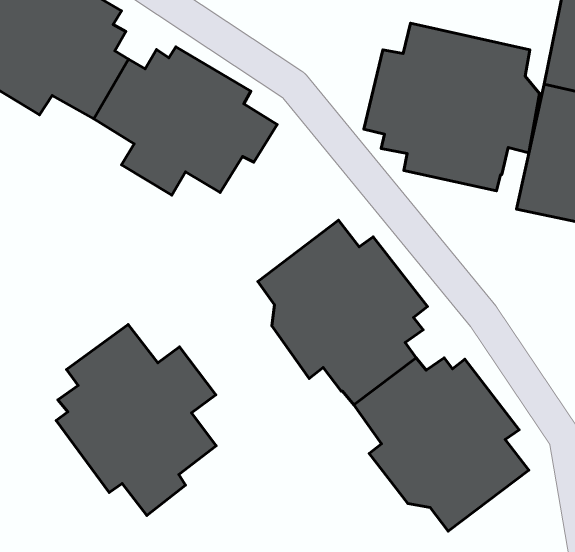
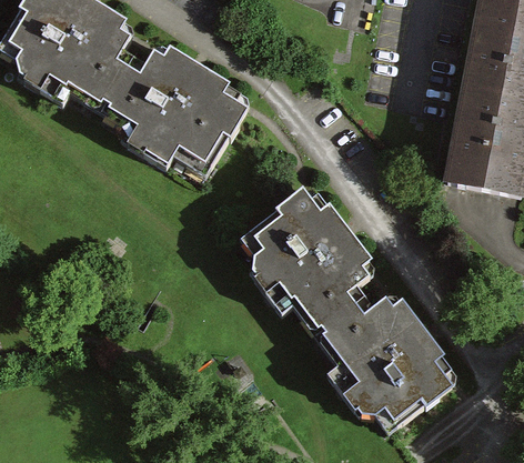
building: [364,23,540,191] -> none
building: [56,325,216,515] -> none

